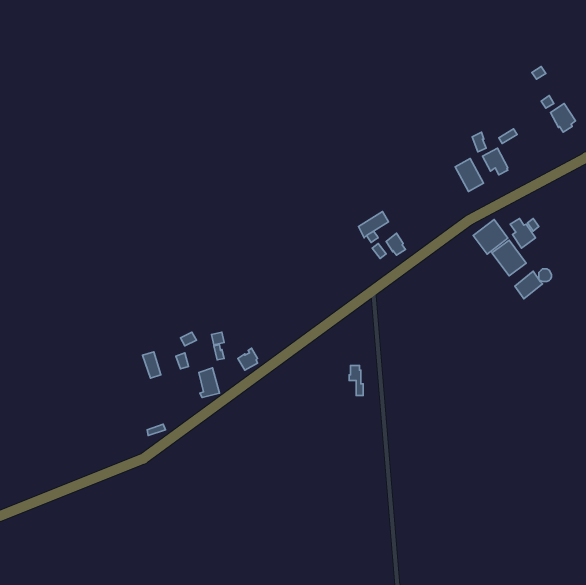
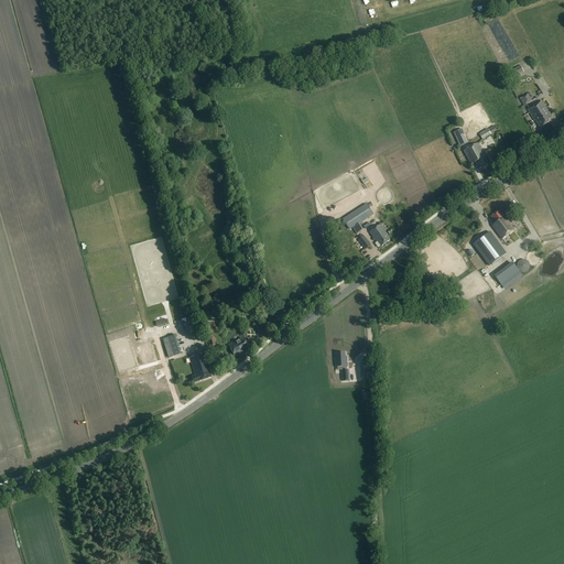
building: [455,158,484,192] -> none
building: [473,220,508,254] -> none

